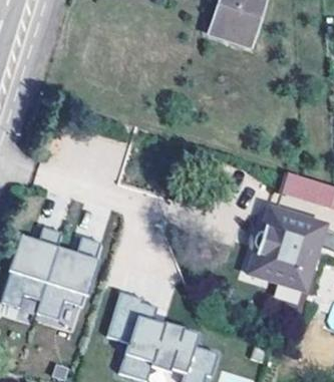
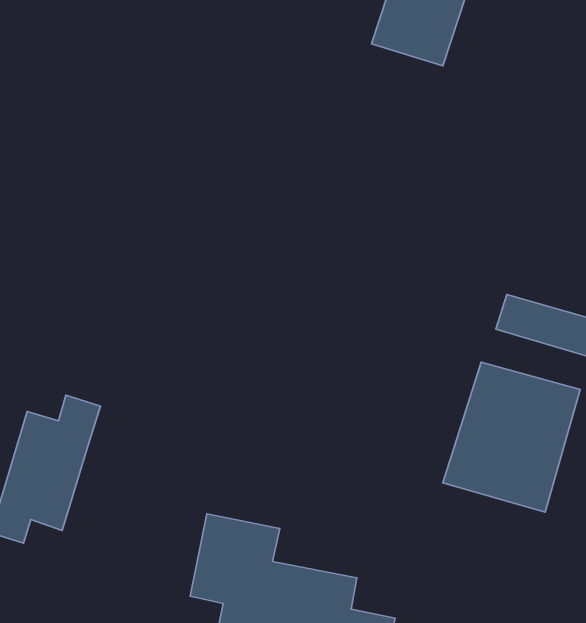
building: [36,238,100,321] -> none

